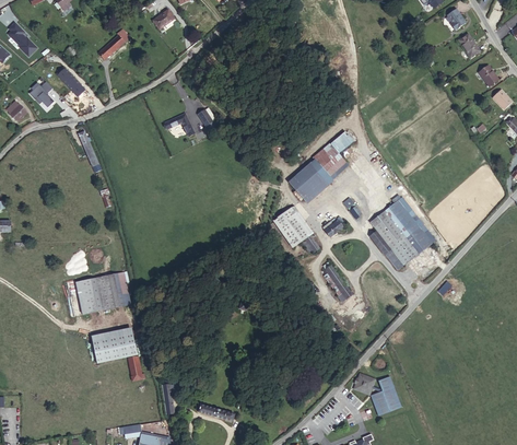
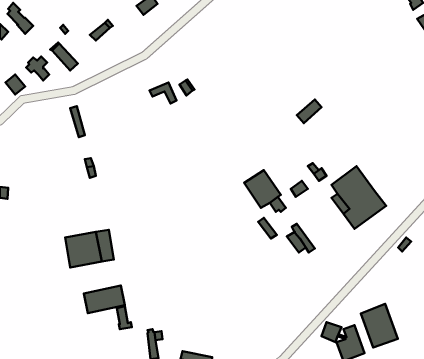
building: [309,144,344,180] -> none
building: [285,165,324,203] -> none
building: none -> [361,304,398,347]

